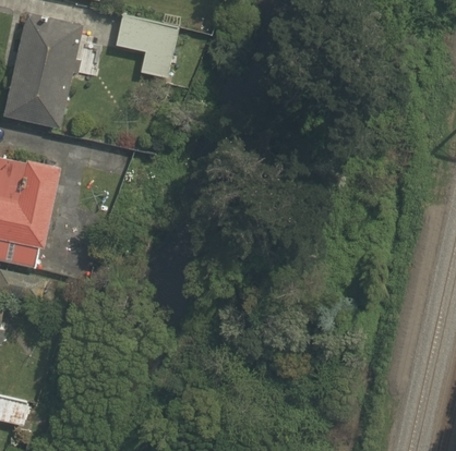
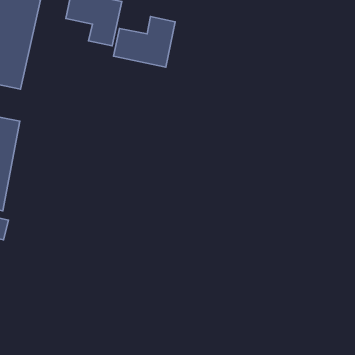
building: none -> [114,17,175,67]

